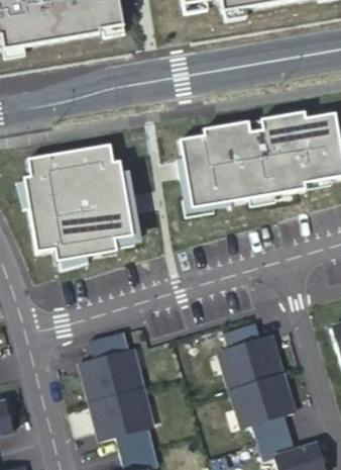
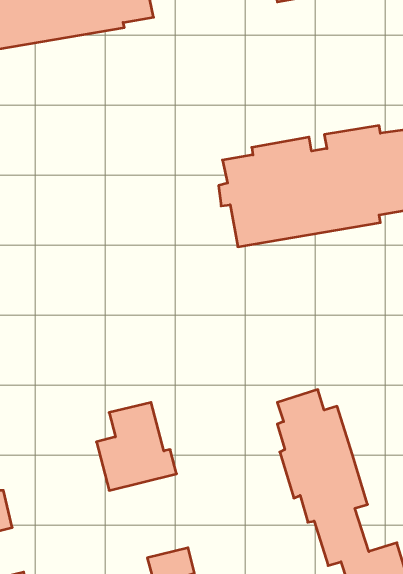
building: [22,143,134,260] -> none
building: [90,386,152,453] -> none

